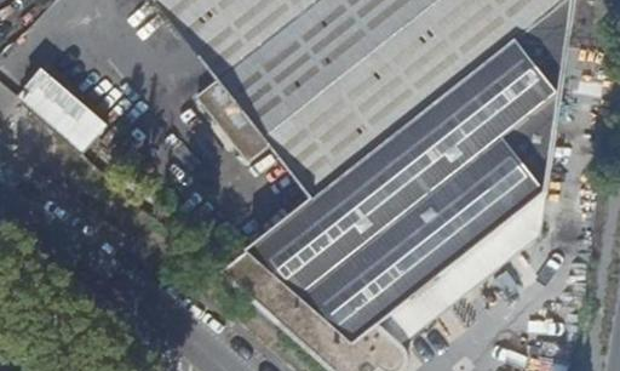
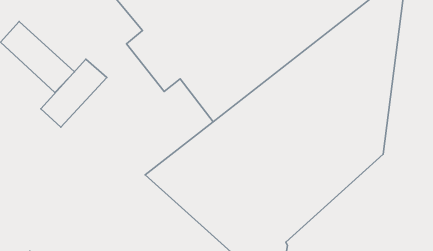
building: none -> [41,59,107,127]

